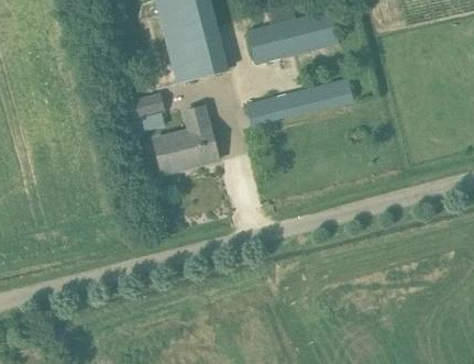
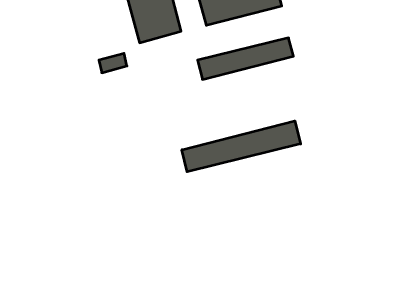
building: [153,107,218,174] -> none
building: none -> [182,121,301,172]

